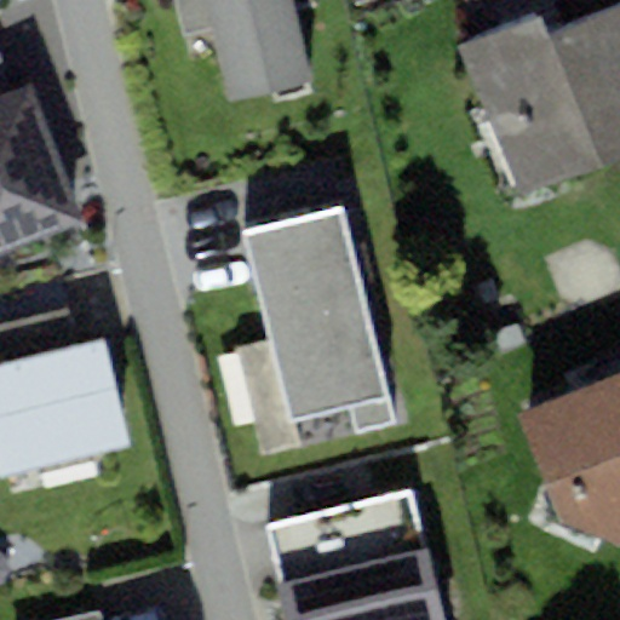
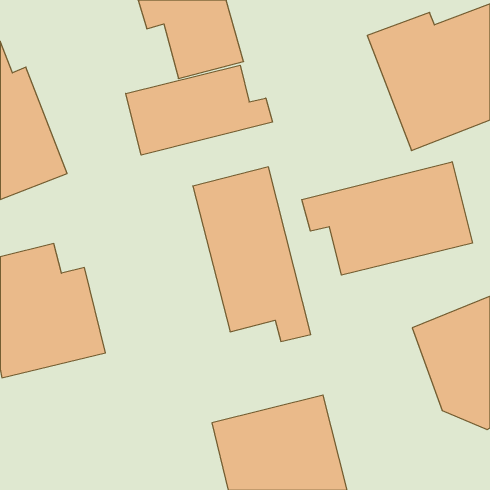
building: none -> [126,65,272,155]
building: none -> [302,162,472,275]

